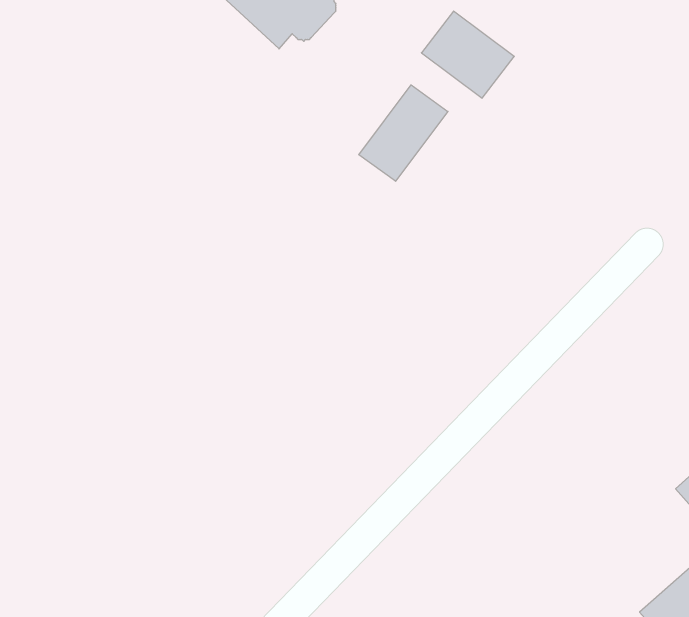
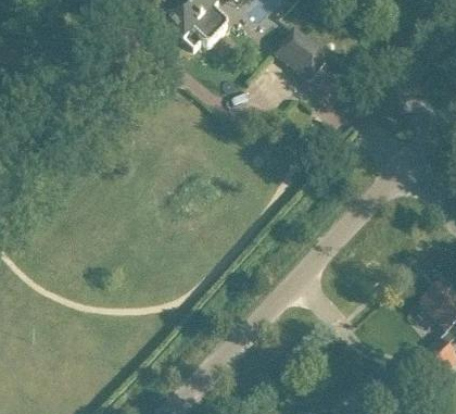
building: [359,85,448,181] -> none

